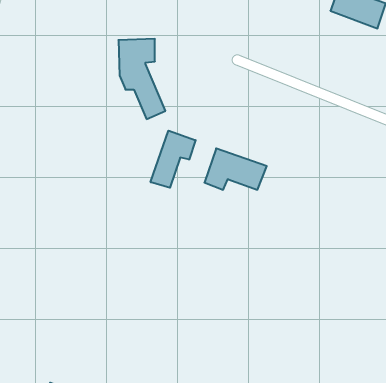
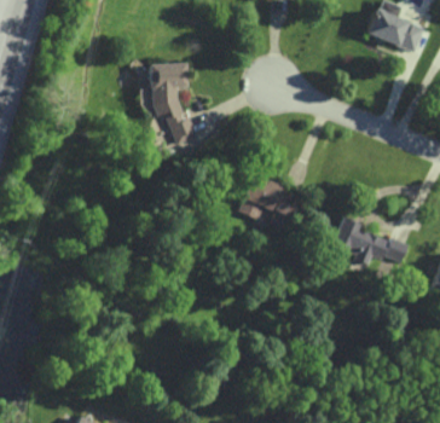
building: [151,131,196,188] -> none
building: none -> [334,218,409,266]

